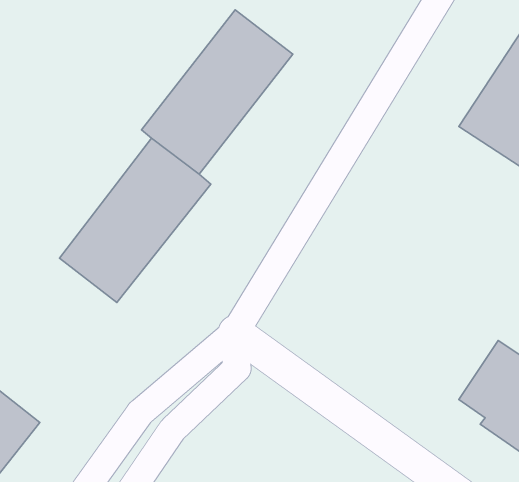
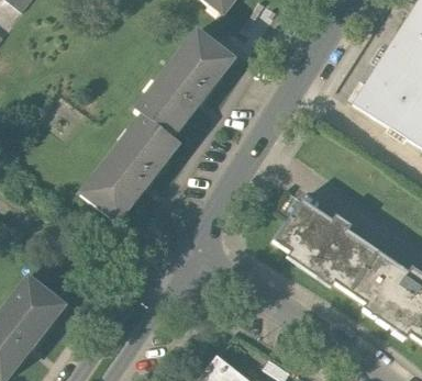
building: none -> [270,197,374,289]

